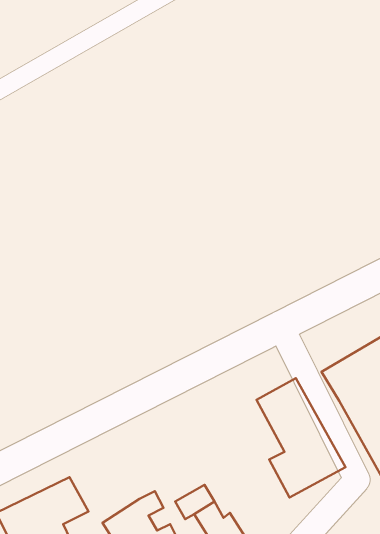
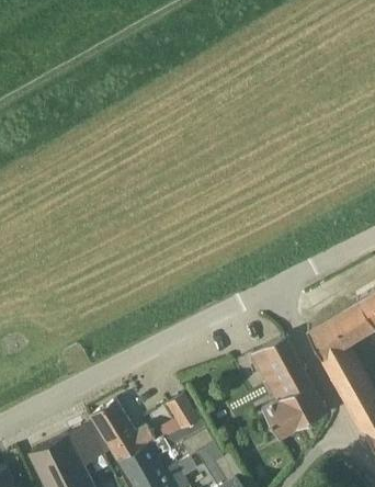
building: none -> [162,394,206,450]
building: none -> [91,403,154,463]

